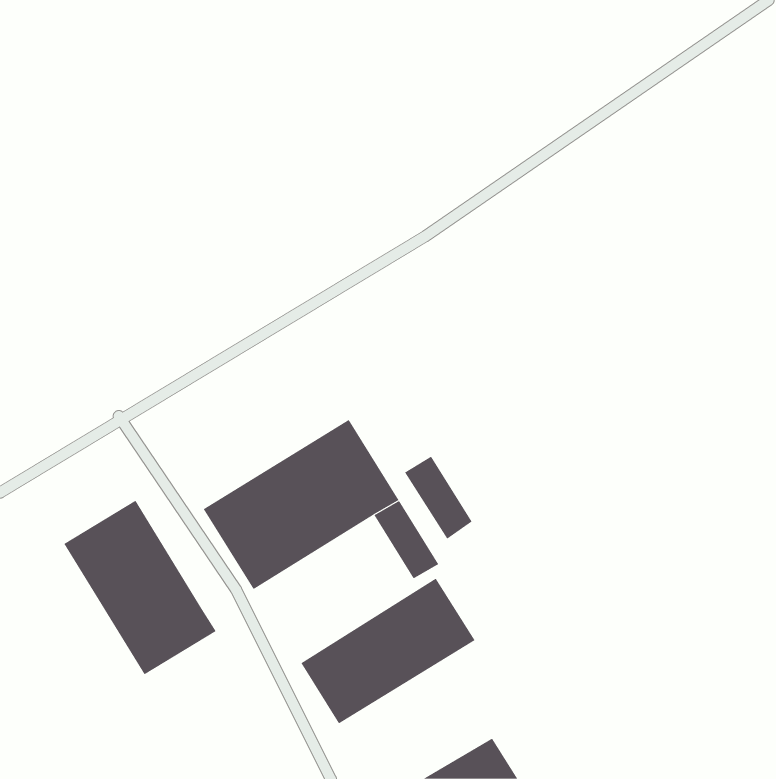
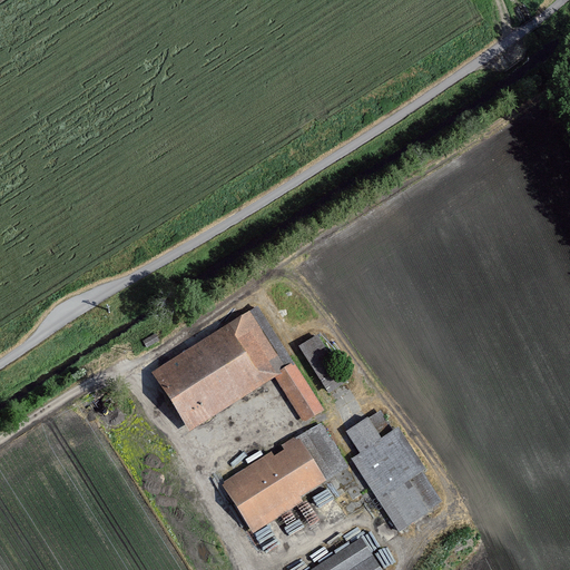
building: [64,500,217,675] -> none
building: none -> [344,409,444,532]

